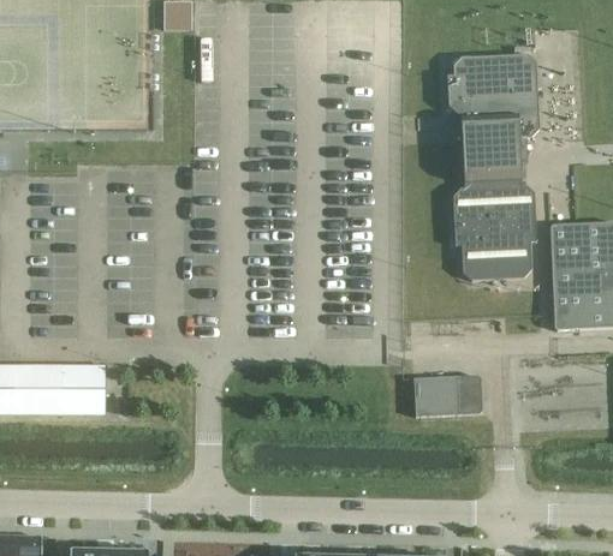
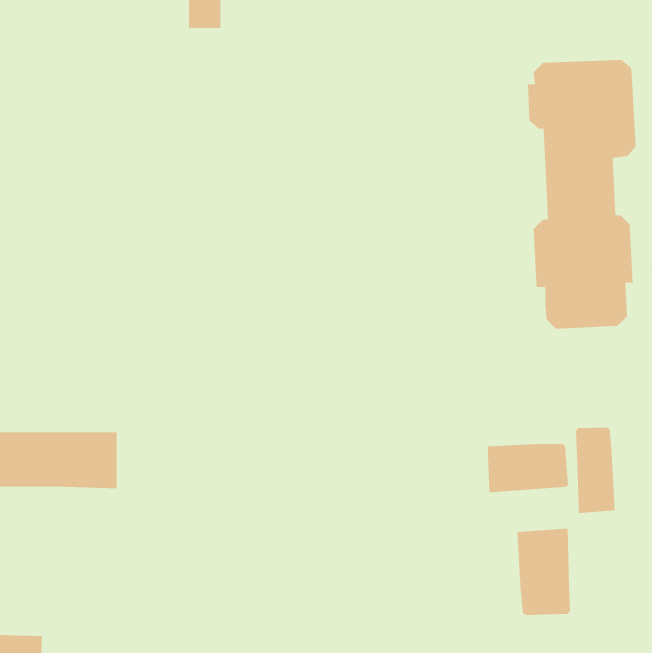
building: none -> [575,427,616,514]
building: none -> [517,528,571,616]

